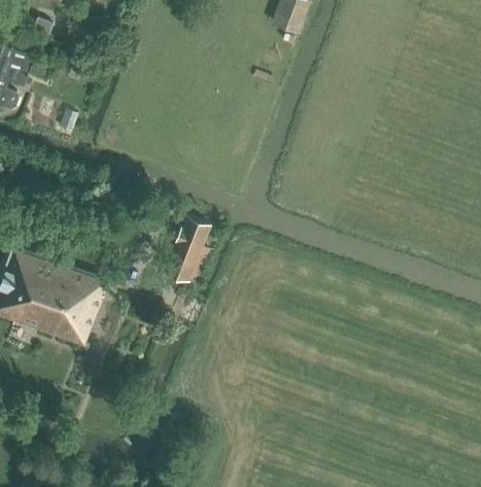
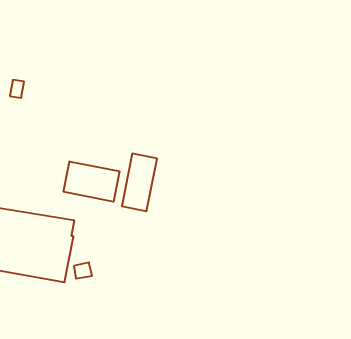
building: none -> [64,161,120,202]

